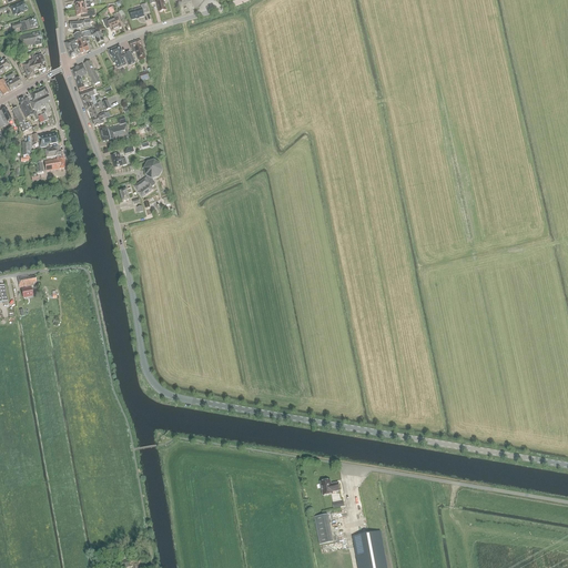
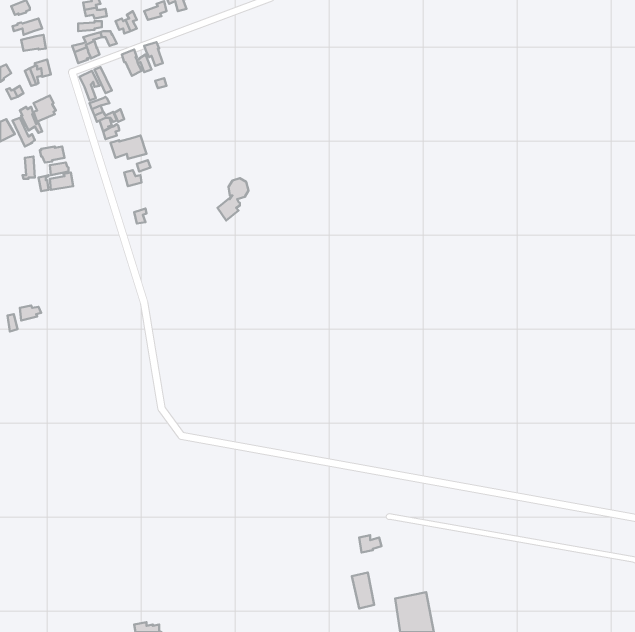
building: [134,159,162,196] -> [217,178,249,220]

